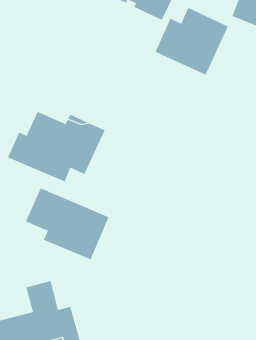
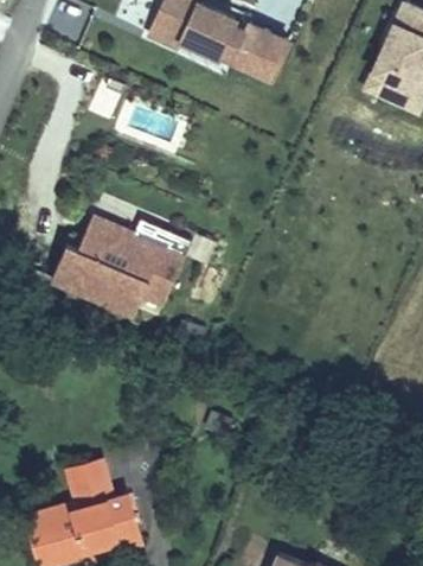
building: [155,7,229,76] -> none
building: [25,187,109,260] -> none

